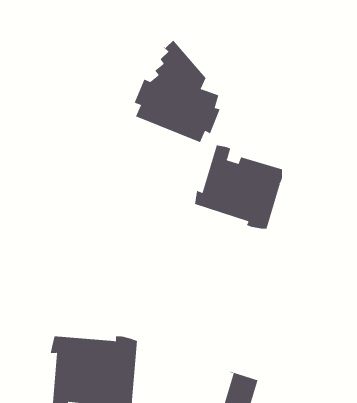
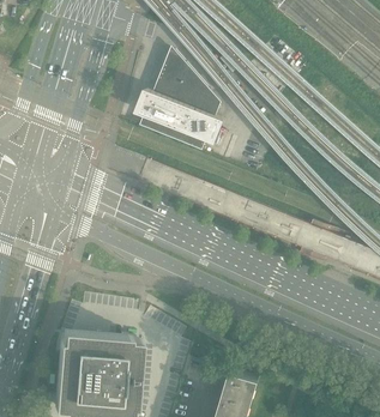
building: [195,144,283,229] -> none

